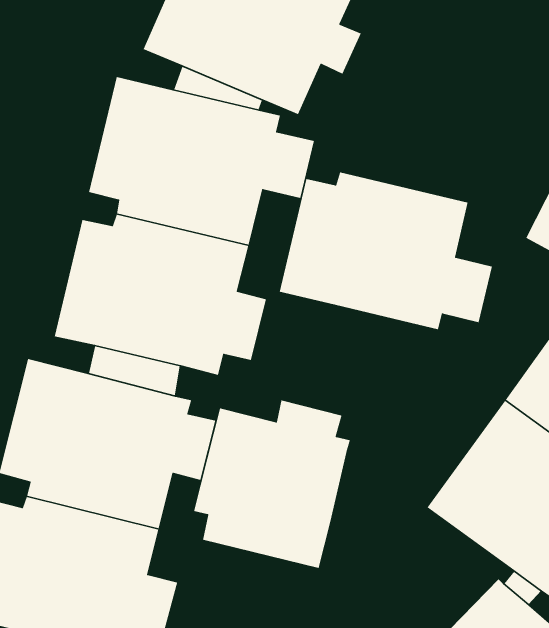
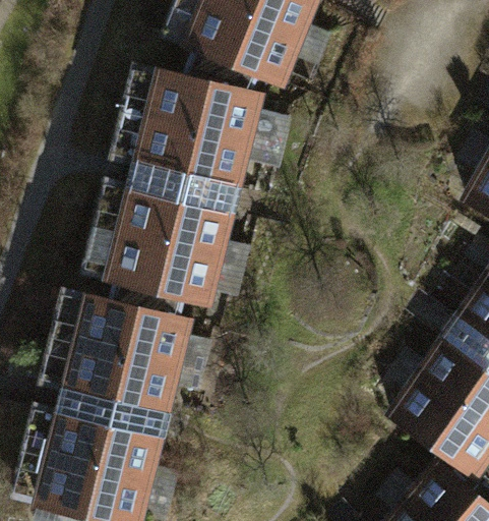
building: [279,171,493,330] -> none
building: [193,400,351,569] -> none

